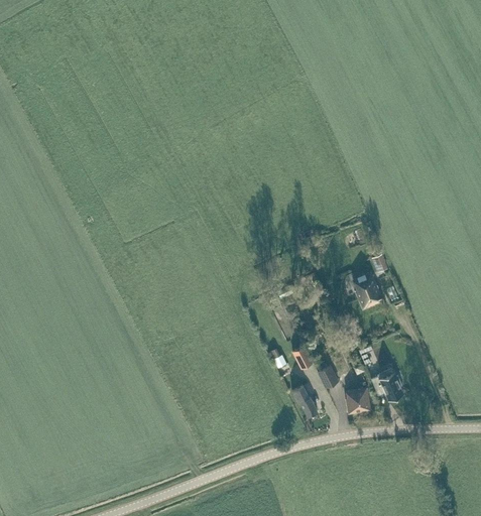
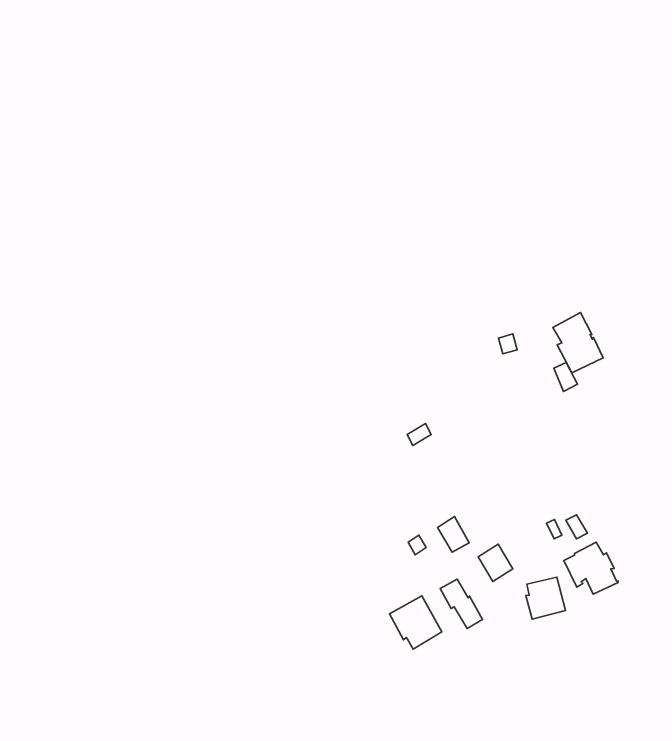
building: [352,271,382,308] -> [553,313,603,373]
building: none -> [390,596,442,649]

